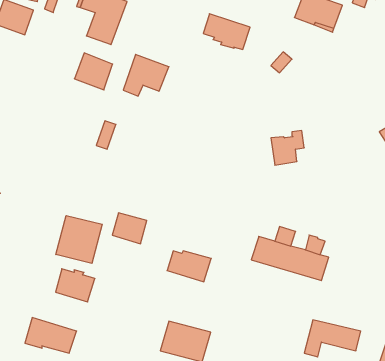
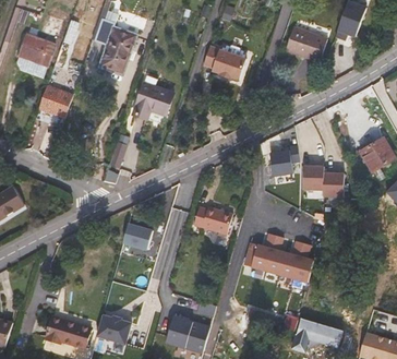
building: [74,53,113,90] -> [38,85,72,118]
building: none -> [298,167,339,196]
building: [56,216,102,263] -> none
building: [167,251,211,282] -> [194,206,233,234]
building: [56,269,95,302] -> [97,314,132,344]

